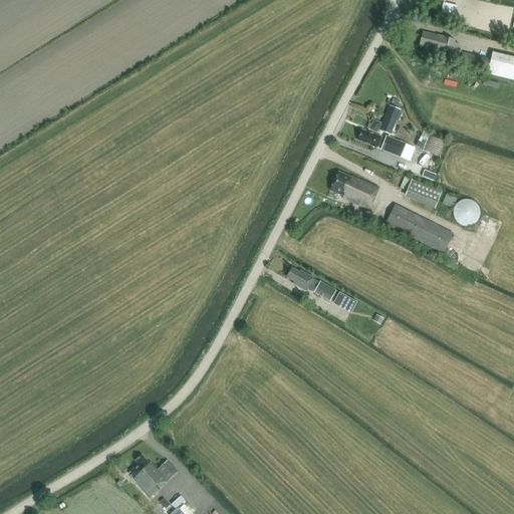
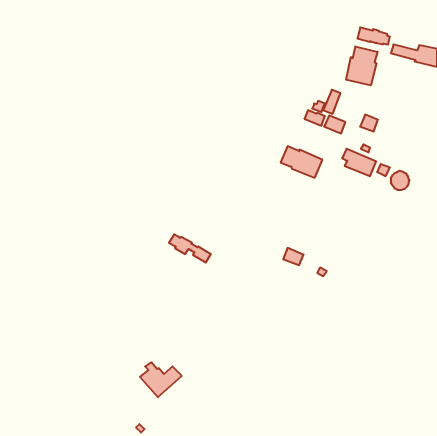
building: none -> [346,46,378,85]
building: [386,204,453,252] -> none
building: [286,267,335,300] -> [169,234,211,263]
building: [128,455,178,496] -> [140,362,182,397]

